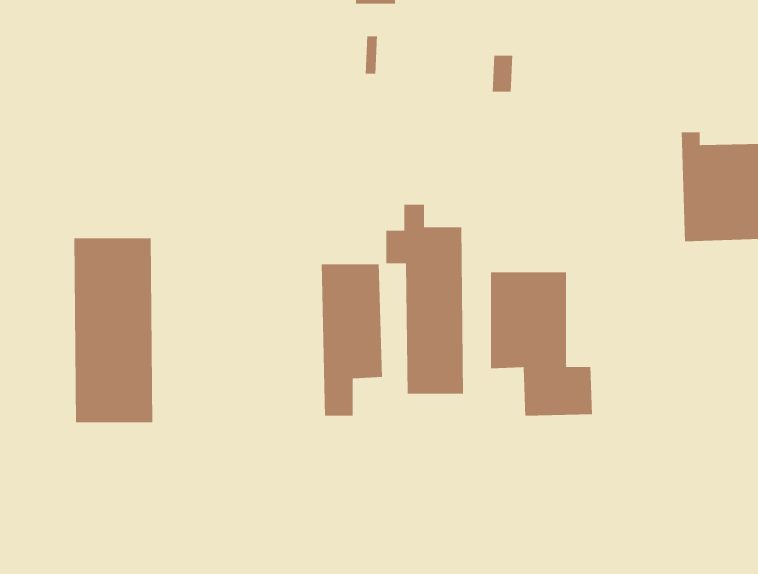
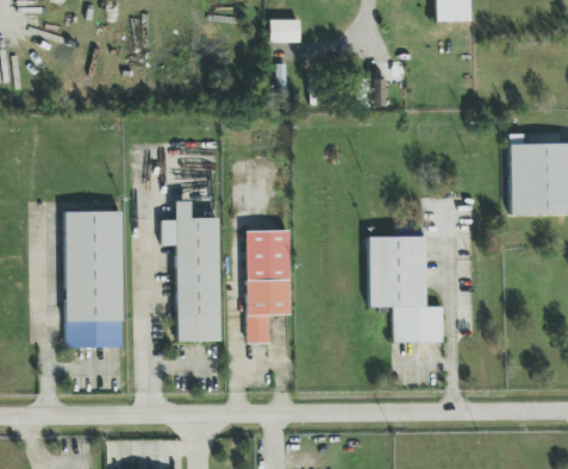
building: [386,204,464,394] -> [162,201,219,340]

